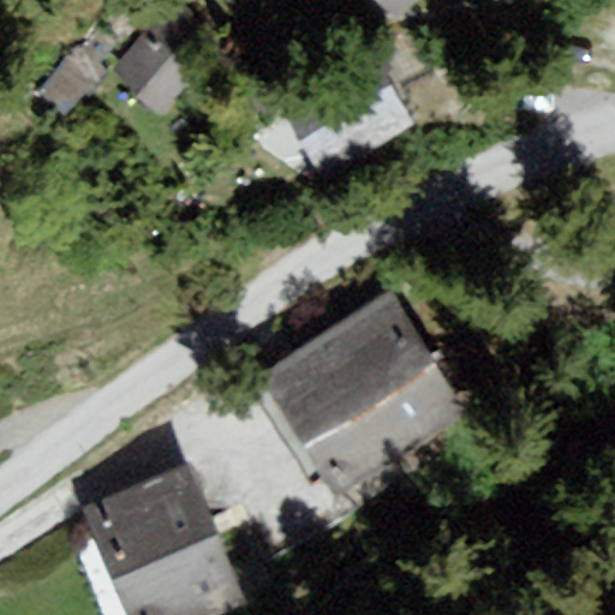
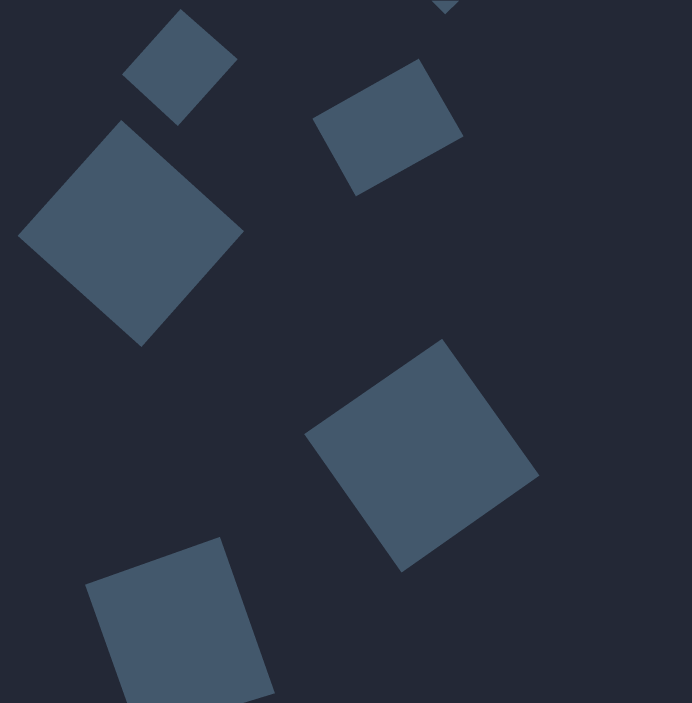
building: none -> [17,119,245,348]

